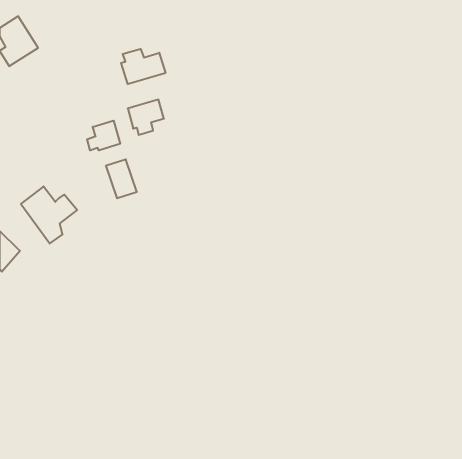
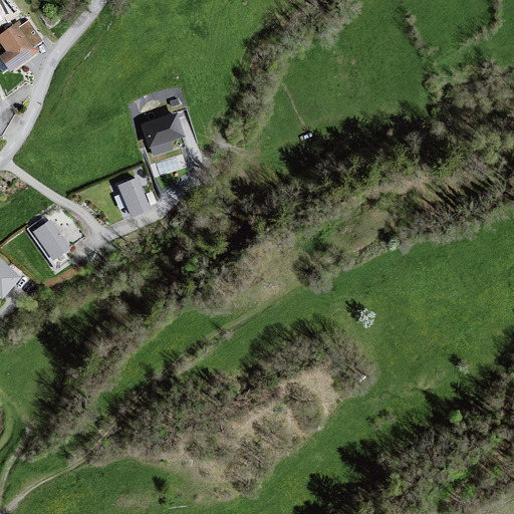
building: [121,49,165,84] -> none
building: [87,121,120,150] -> none

